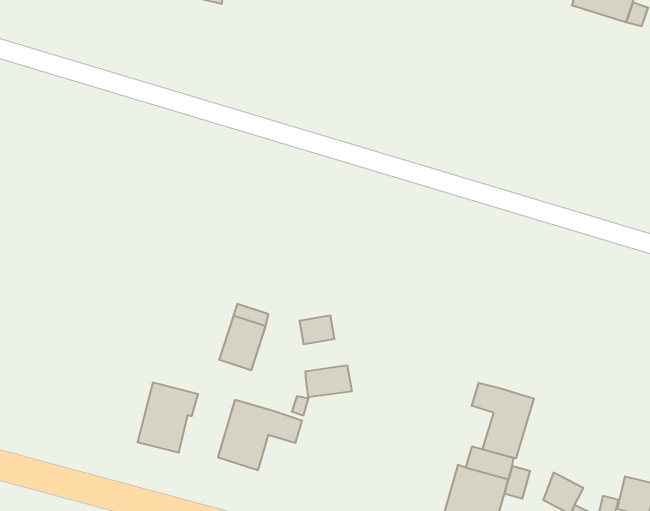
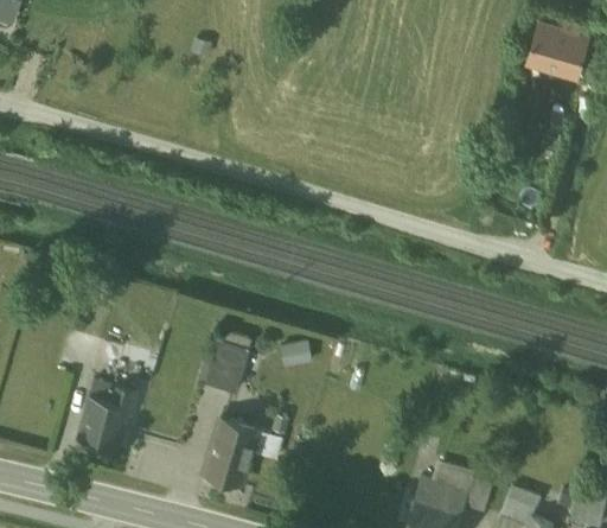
building: [305,365,352,399] -> none
building: [137,382,198,452] -> [78,383,134,447]
building: [472,383,534,459] -> none

